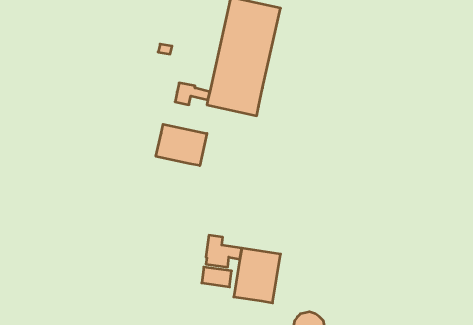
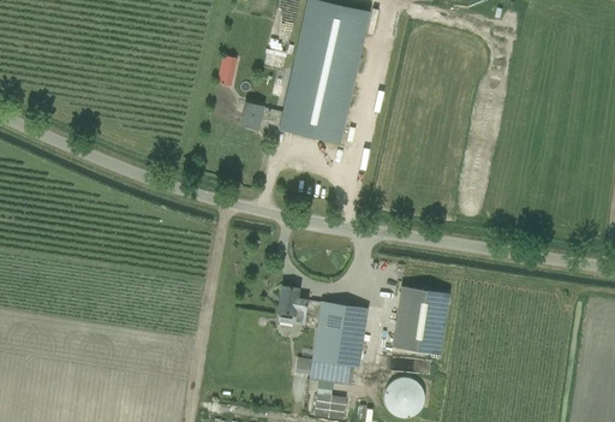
building: [156,124,207,166] -> none
building: none -> [393,287,449,355]
building: [202,267,232,287] -> [310,363,346,387]

